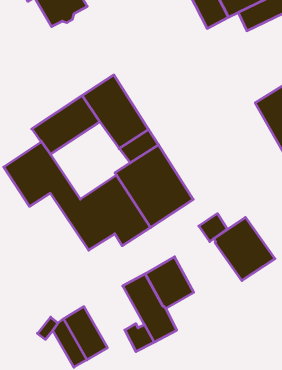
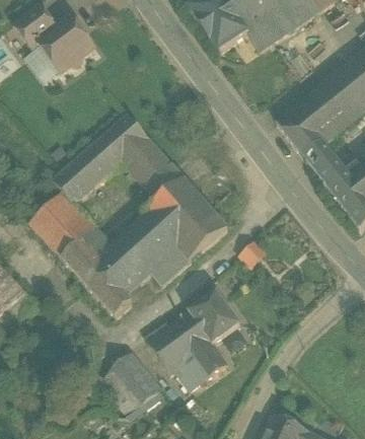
building: none -> [62,241,132,316]
building: [214,217,275,281] -> none
building: none -> [147,325,195,373]

